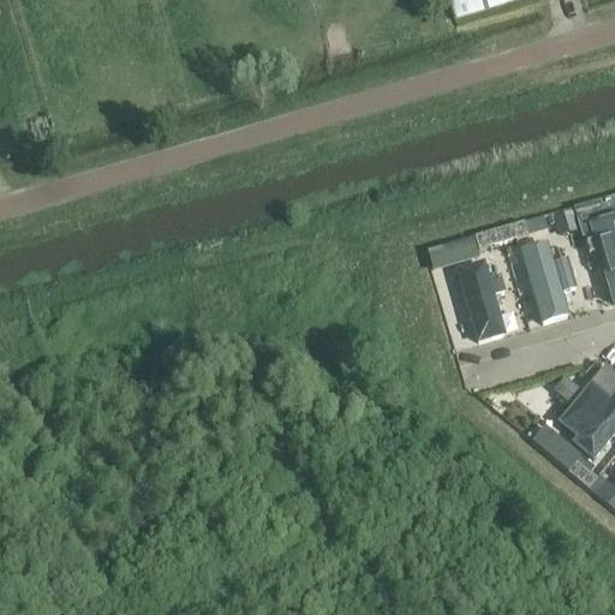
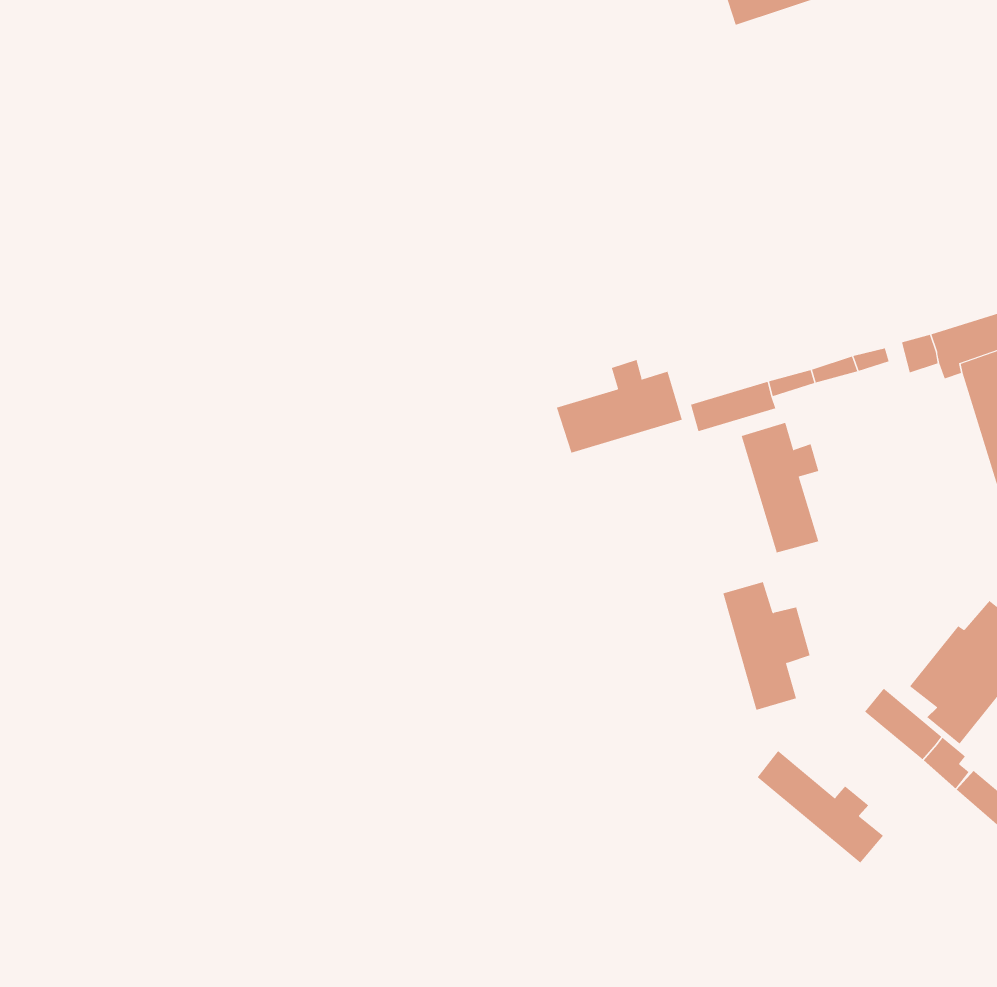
building: none -> [556,359,682,454]
building: [521,241,575,321] -> [722,581,810,710]
building: none -> [757,750,884,864]

